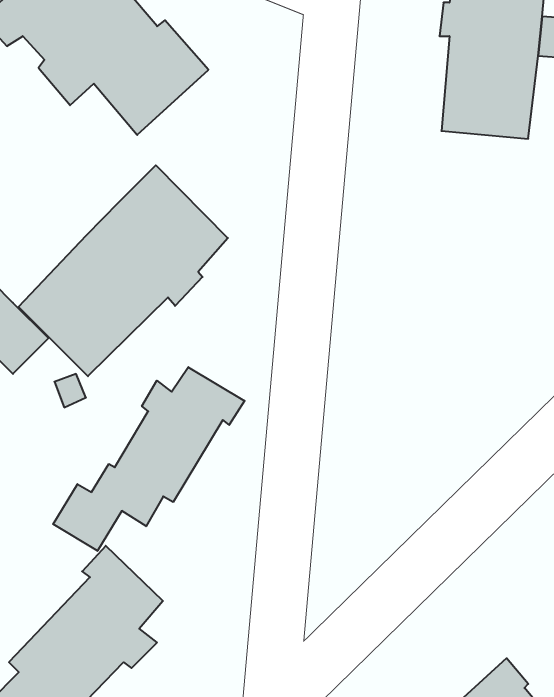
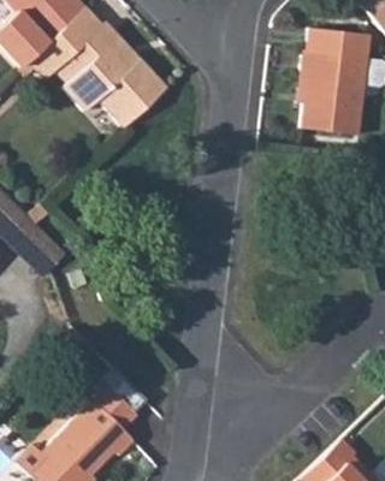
building: [18,165,228,376] -> none
building: [53,367,245,551] -> none

